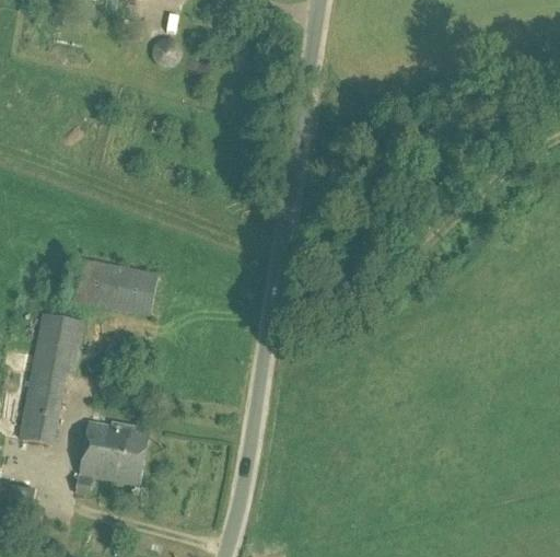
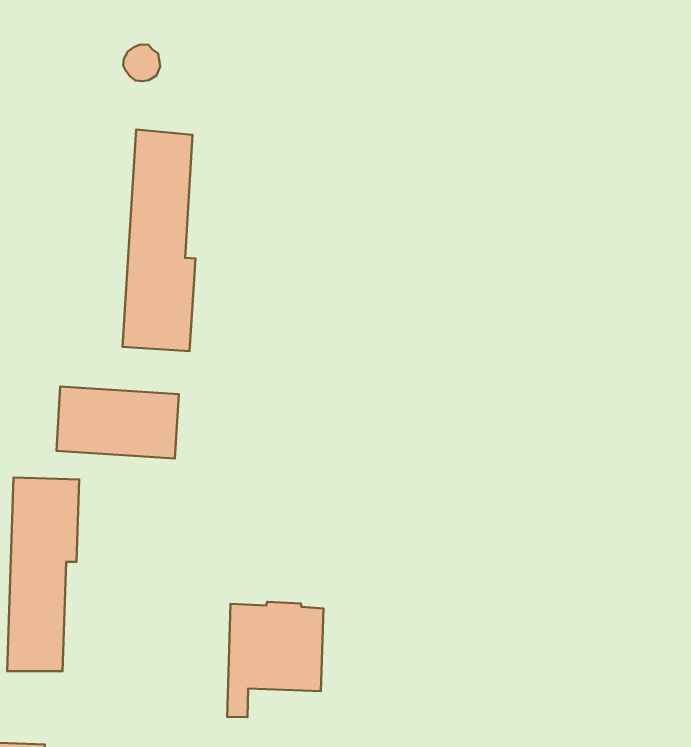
building: none -> [122,129,195,351]
building: [75,419,149,495] -> [227,602,324,717]

